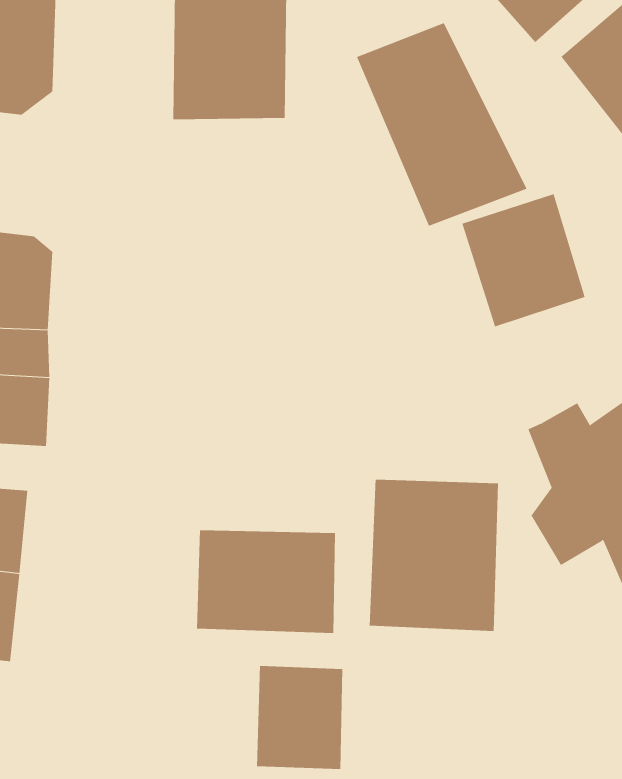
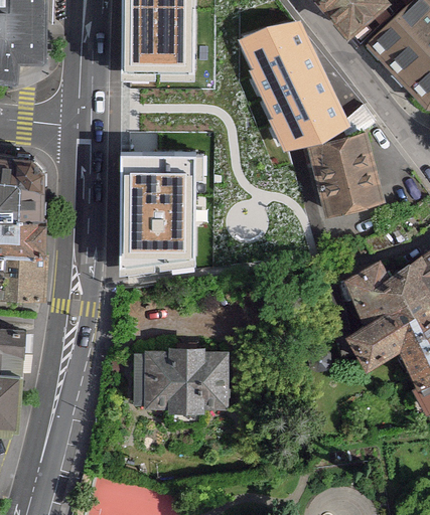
building: none -> [118,155,193,279]
building: [369,479,498,632] -> none
building: [256,665,343,770] -> none

